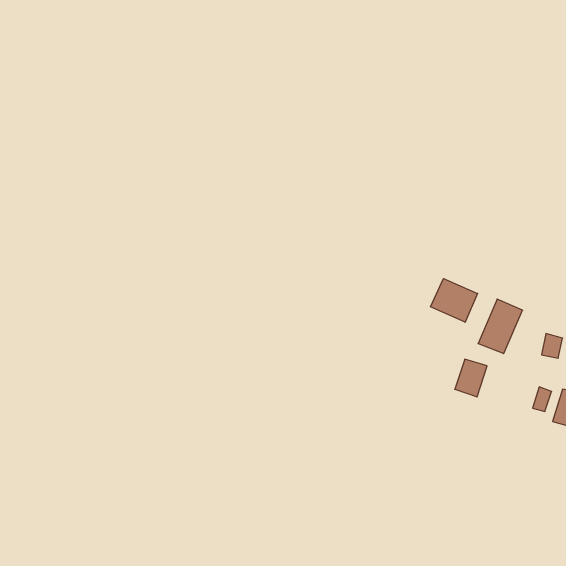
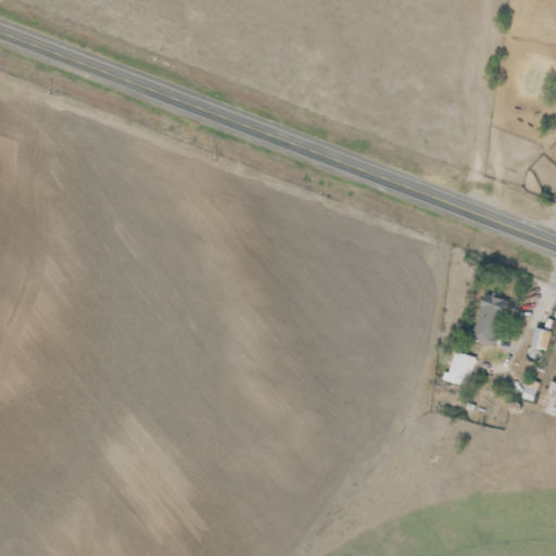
building: [430,279,478,322] -> none

